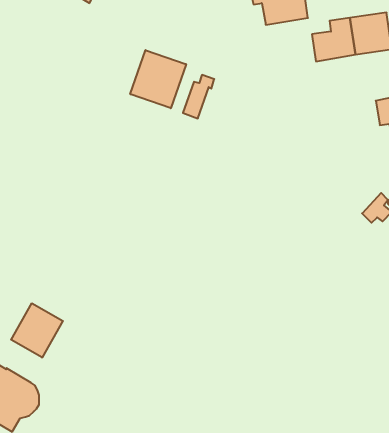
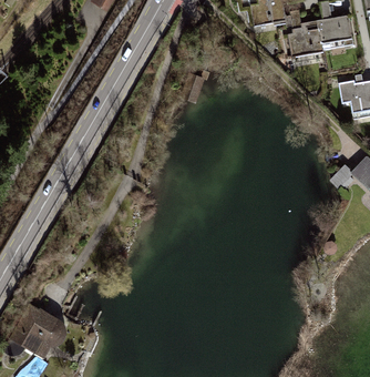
building: [130,50,186,108] -> none
building: [11,303,63,358] -> none

